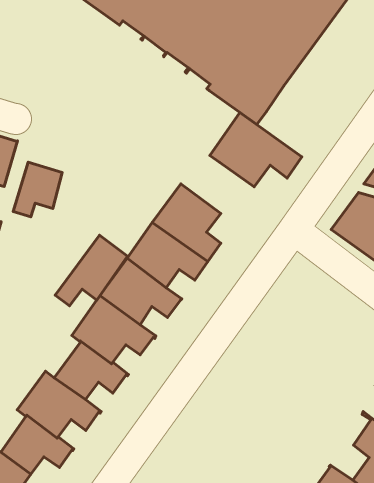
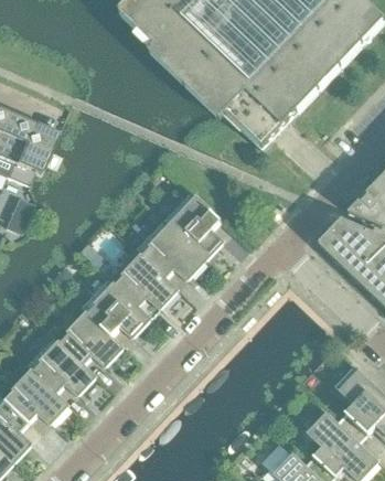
building: [210,113,302,187] -> none
building: [13,162,62,217] -> none
building: [55,235,127,306] -> none

